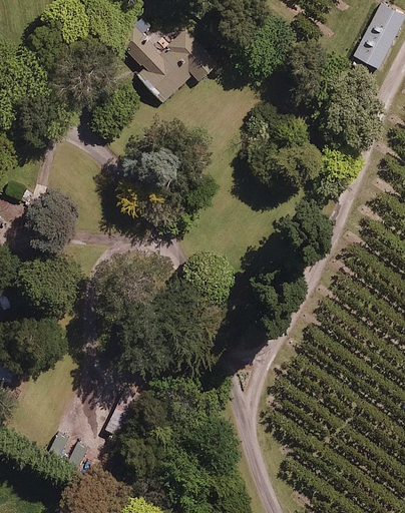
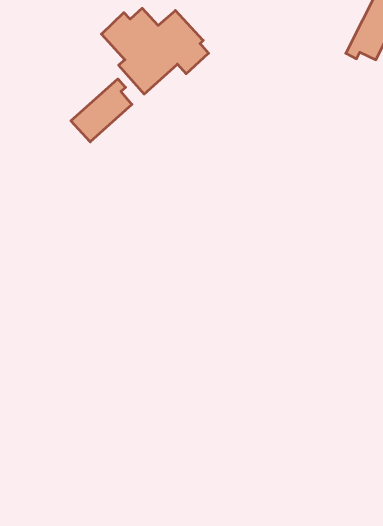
building: none -> [71,79,132,142]

